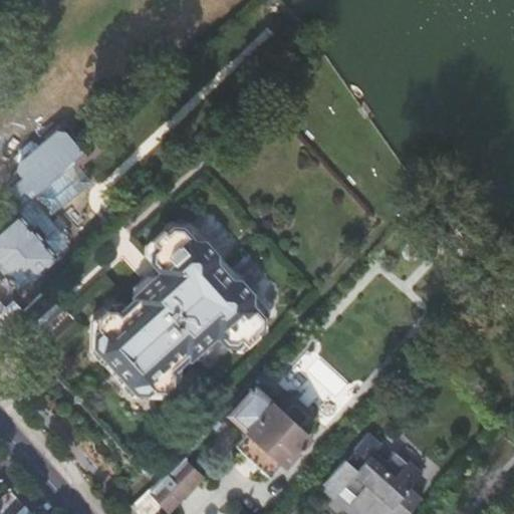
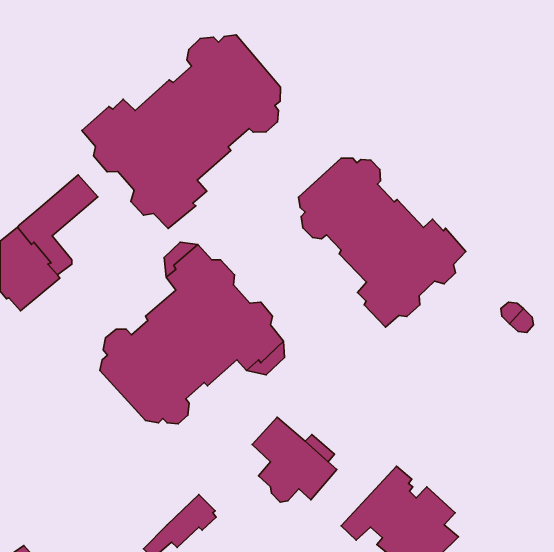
building: none -> [82,35,281,229]
building: [9,136,83,211] -> none
building: none -> [298,158,466,327]

